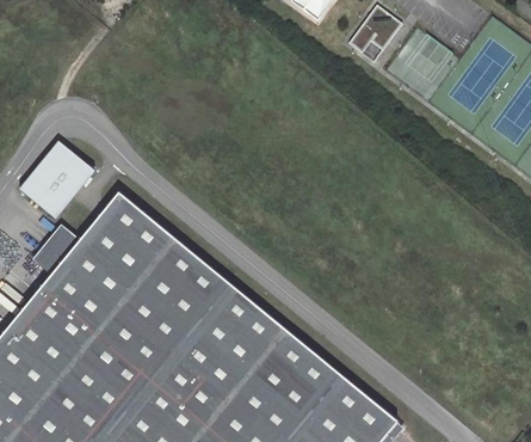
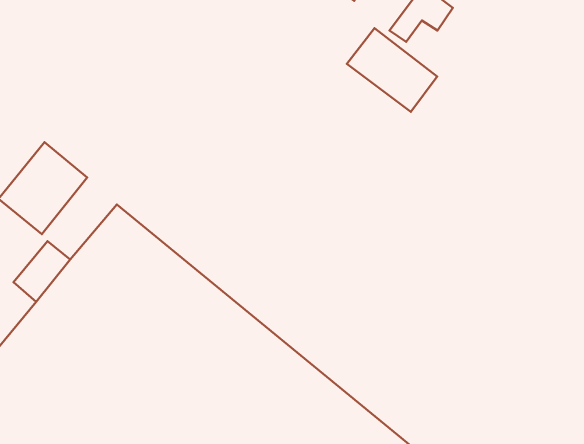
building: none -> [347,28,437,112]

